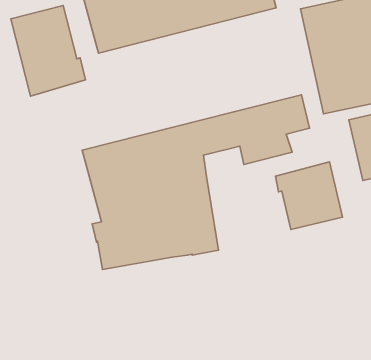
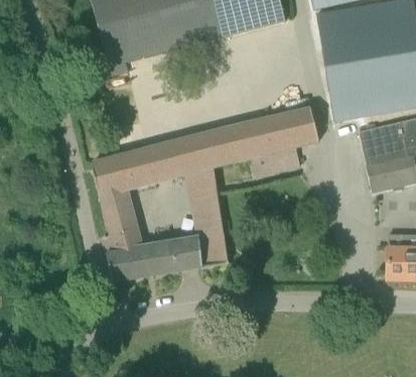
building: [11,5,85,96] -> none
building: [275,162,342,229] -> none

